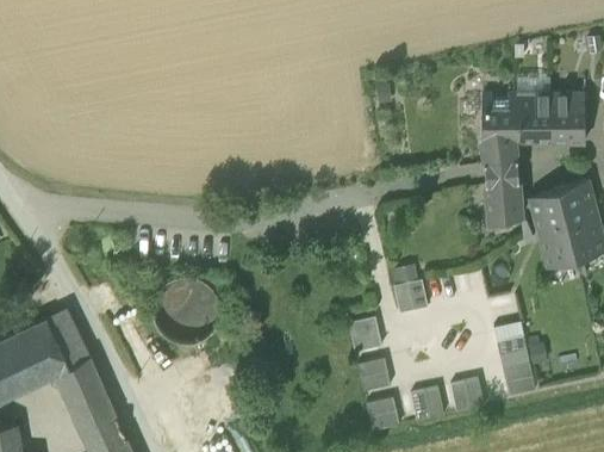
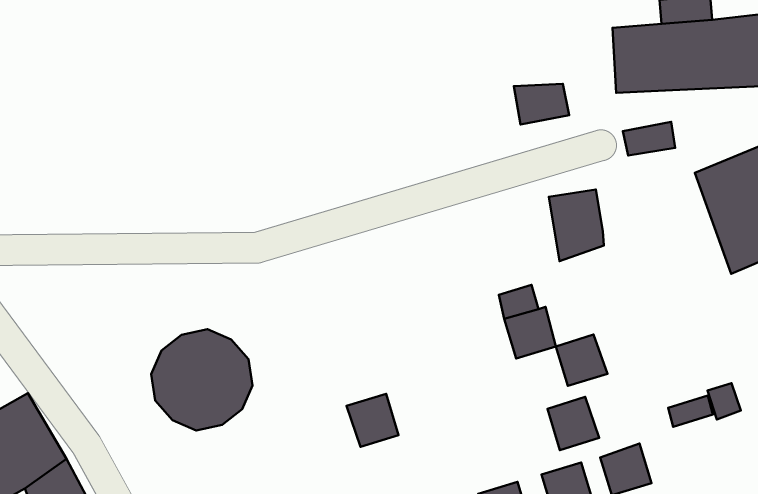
building: [481,140,517,166] -> [514,84,569,124]
building: [486,180,521,227] -> [549,190,604,261]
building: [348,317,381,352] -> [347,394,398,447]
building: [493,322,527,355] -> [556,335,607,386]
building: [357,358,391,392] -> [548,397,599,450]
building: [502,363,535,396] -> none

